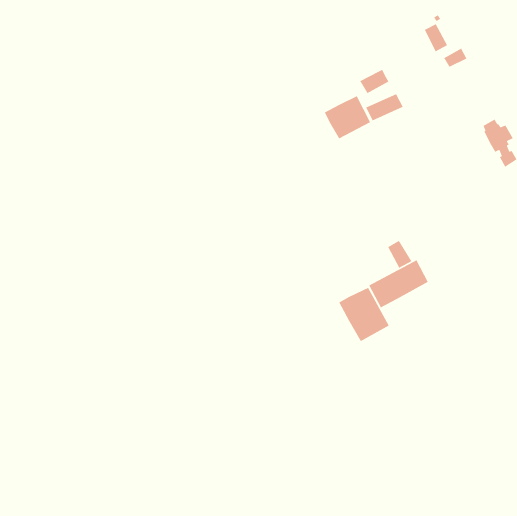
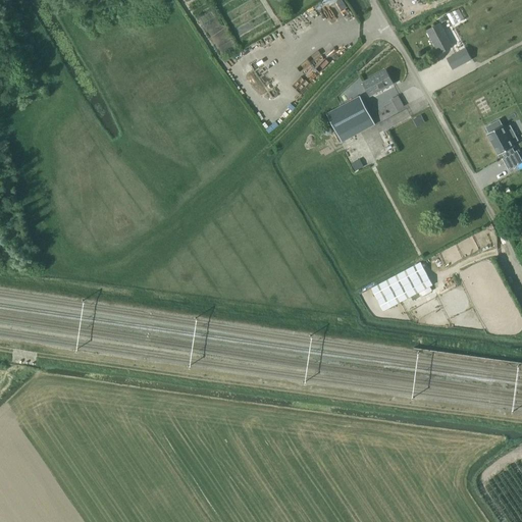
building: [387,240,412,269] -> none
building: [338,287,390,342] -> none

